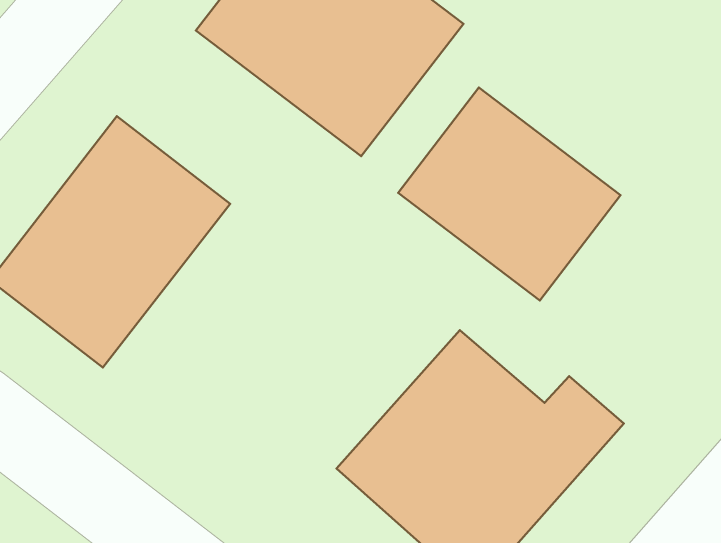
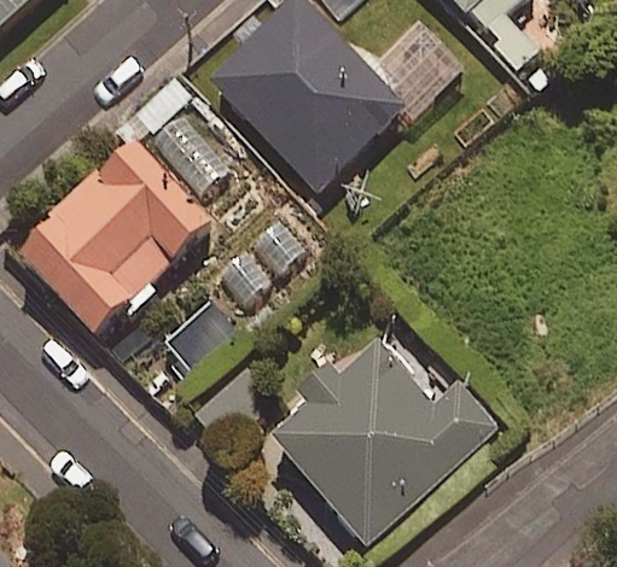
building: [398,88,620,300] -> none

